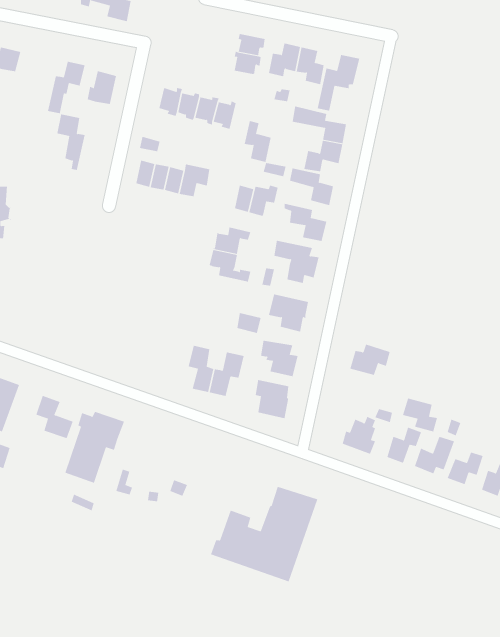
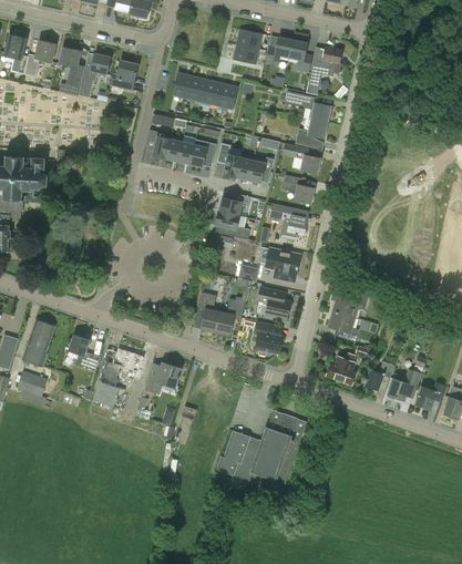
building: [57,114,85,170] -> [60,47,84,94]
building: [244,120,271,163] -> [217,142,240,177]
building: [402,398,438,432] -> [329,311,359,340]
building: none -> [144,361,182,393]

